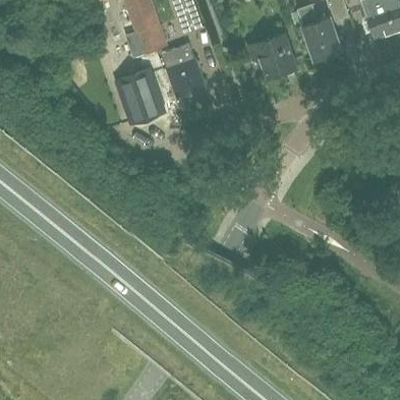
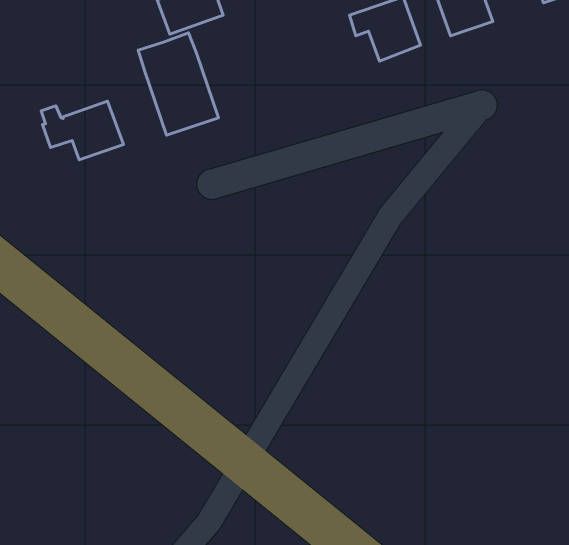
building: [163,45,209,106] -> none
building: none -> [41,101,123,160]

